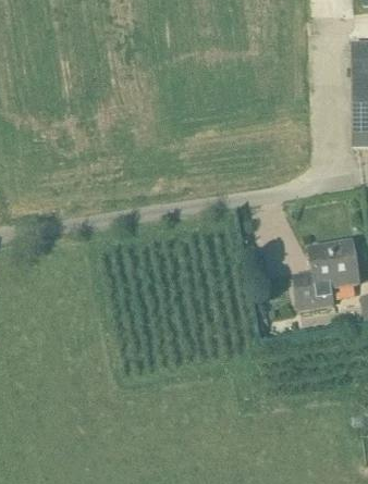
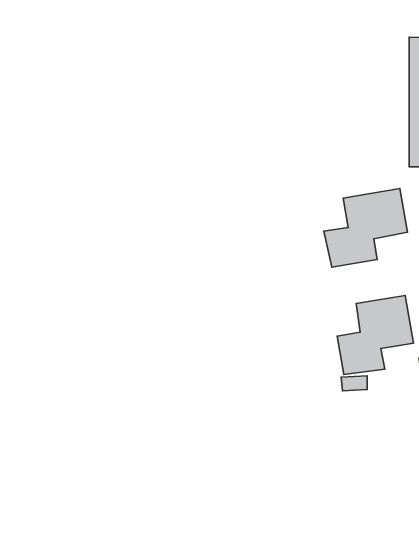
building: none -> [324,188,408,267]

